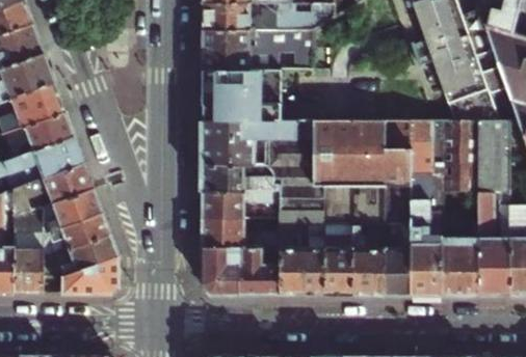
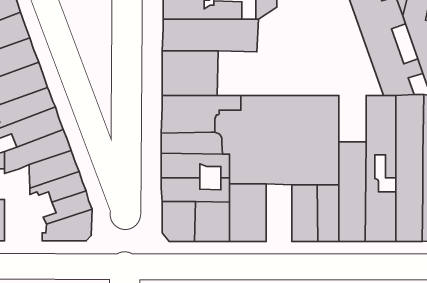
building: [411,121,443,176] -> none
building: [14,209,44,294] -> none
building: [324,226,354,295] -> none

